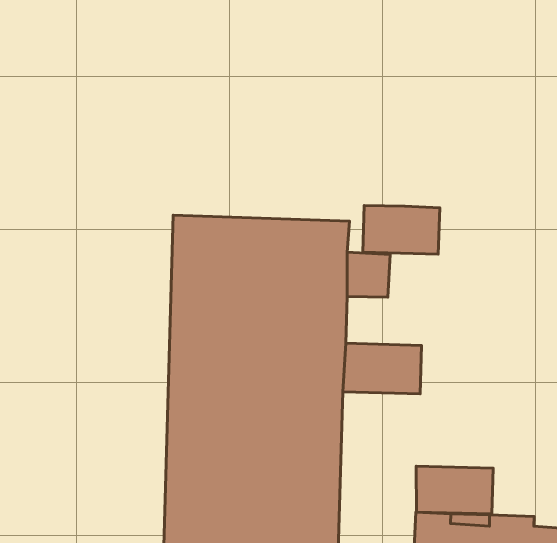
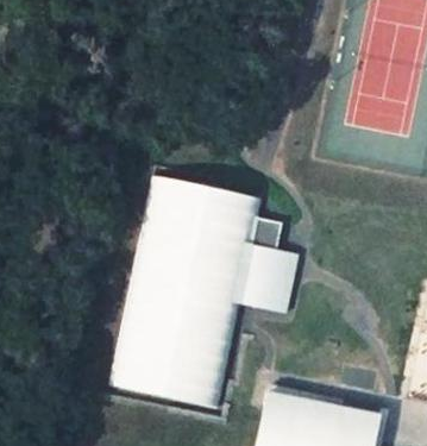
building: [363,206,440,254] -> [245,245,297,283]
building: [416,466,493,514] -> none

